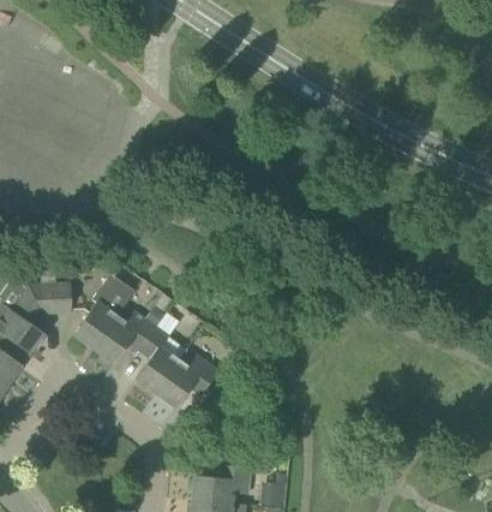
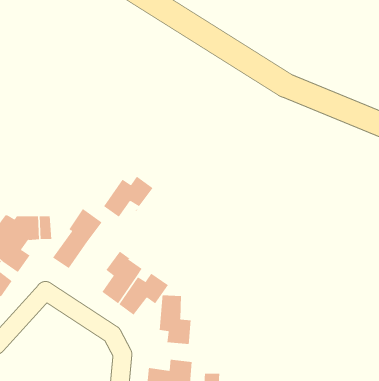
building: [94,312,157,365] -> [103,176,153,218]
building: none -> [159,294,191,345]

